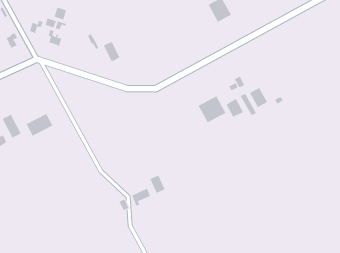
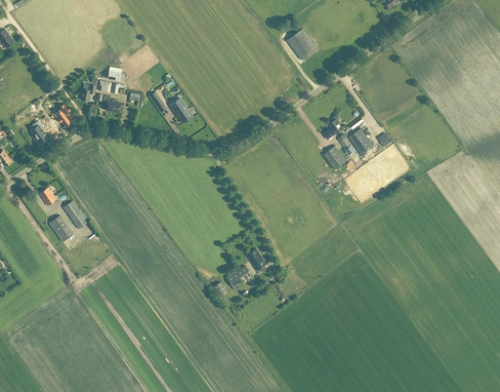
building: [198,95,226,123] -> none
building: [26,113,53,137] -> none

